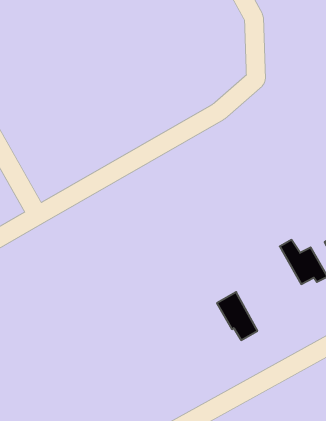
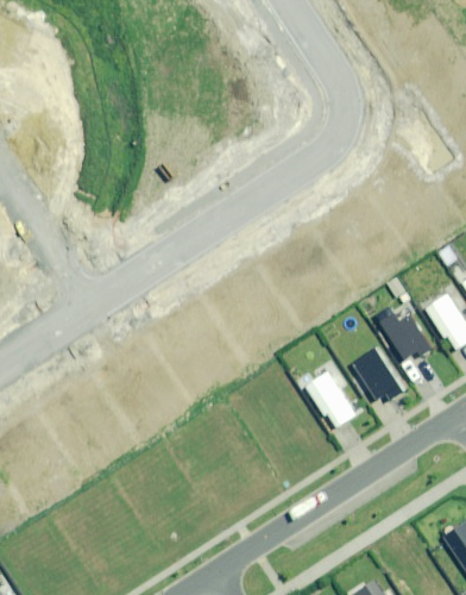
building: none -> [354,349,403,400]

